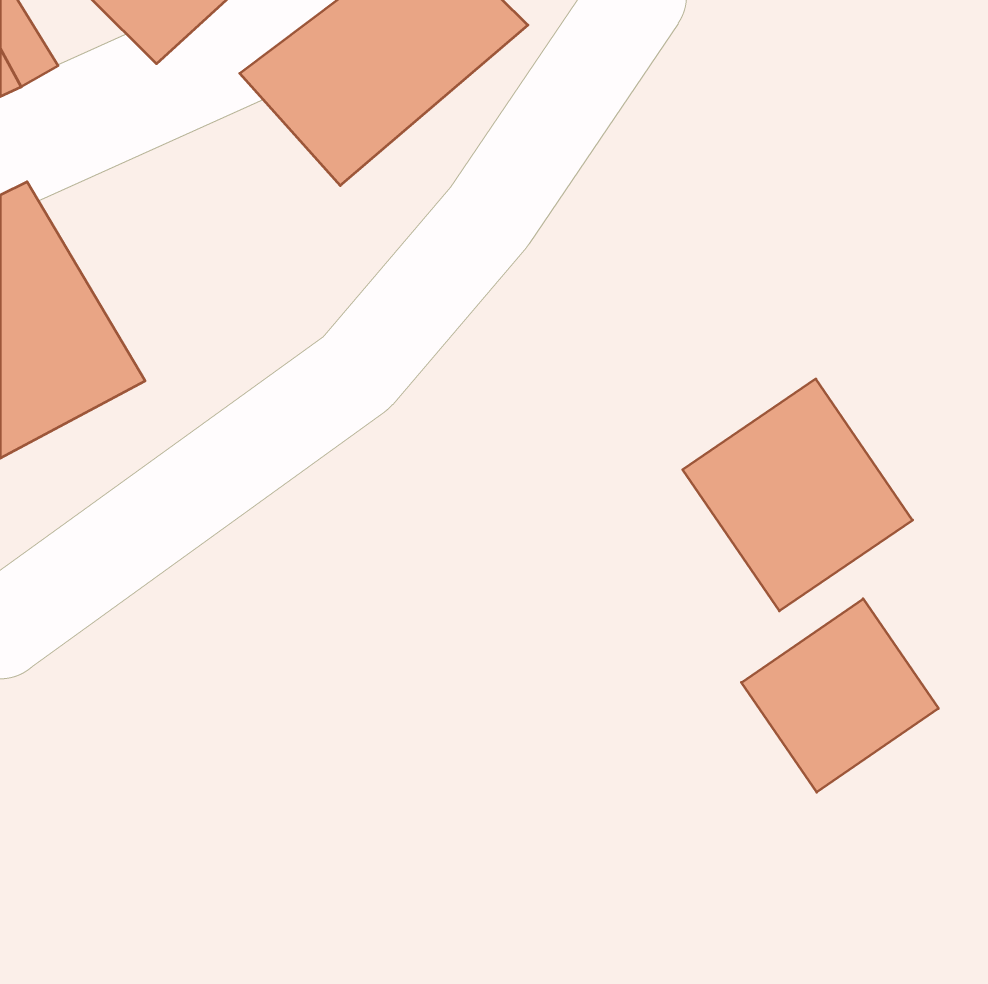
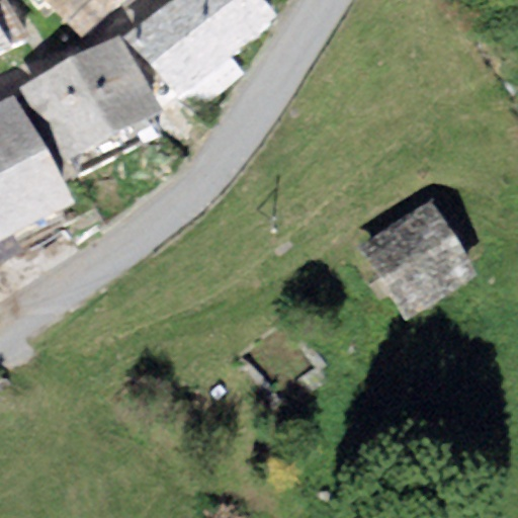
building: none -> [22,36,164,161]
building: [741,599,938,792] -> none

